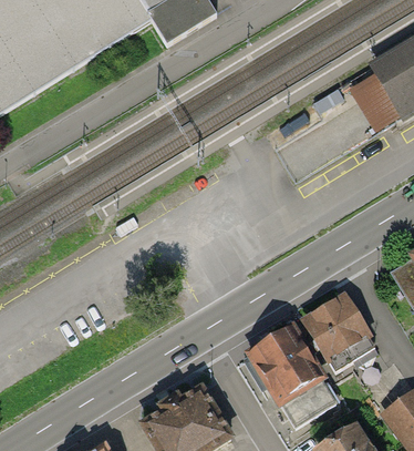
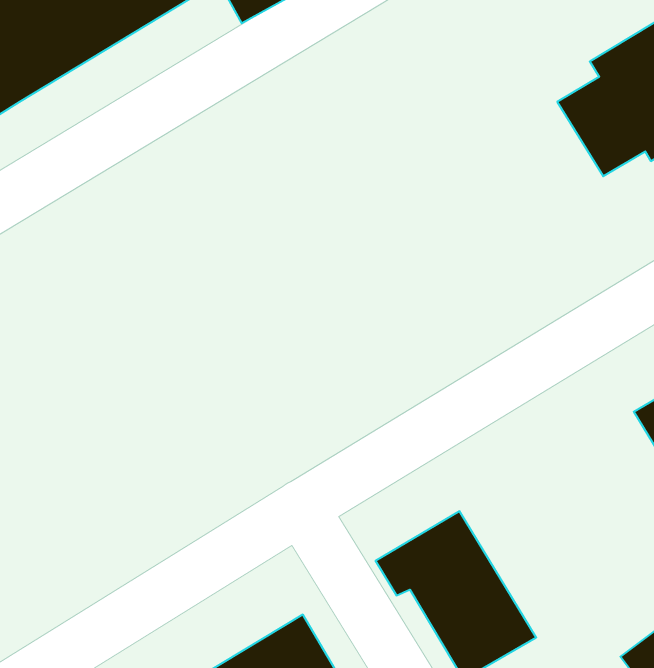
building: [304,295,374,368] -> none

